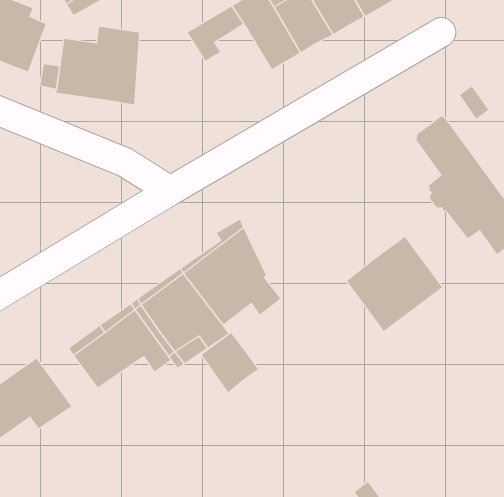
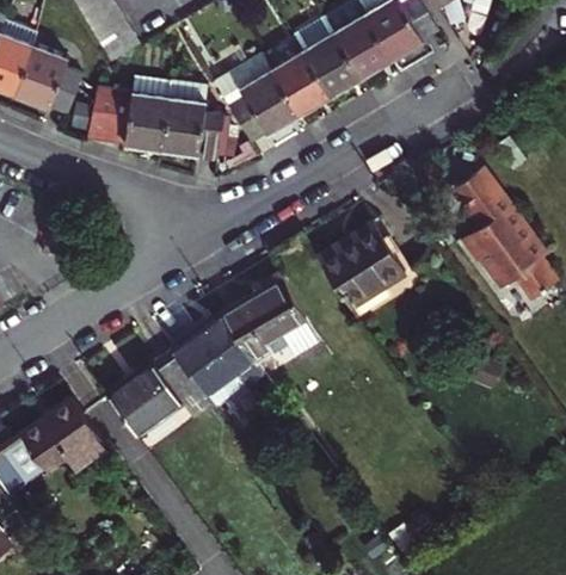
building: none -> [240,72,306,142]
building: none -> [171,80,241,159]
building: [346,236,443,332] -> [313,208,408,302]
building: [201,332,259,393] -> none

